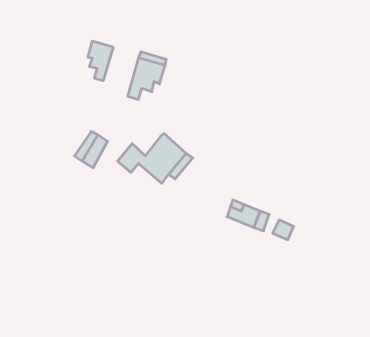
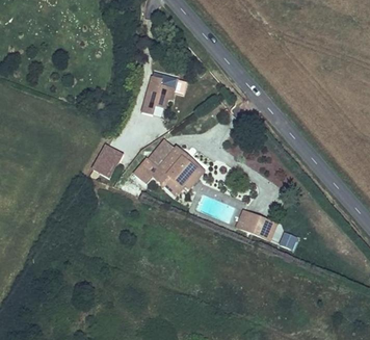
building: [88,41,113,81] -> none
building: none -> [146,138,173,167]

